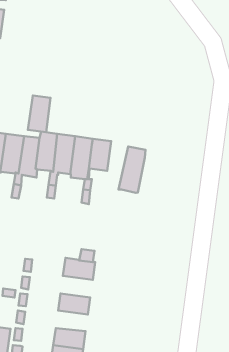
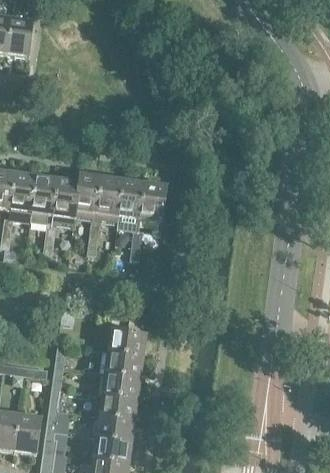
building: [28,96,51,132] -> none
building: [119,147,146,193] -> none
building: none -> [88,348,143,377]
building: none -> [97,393,137,419]

